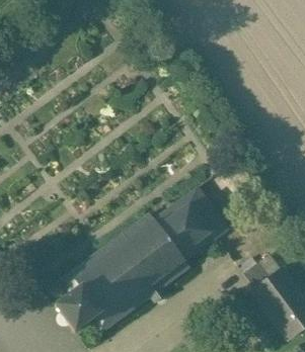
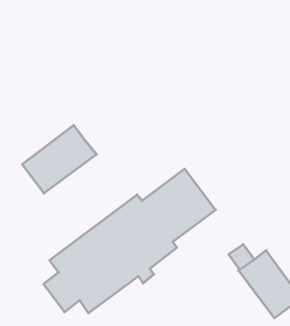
building: none -> [22,125,96,193]

